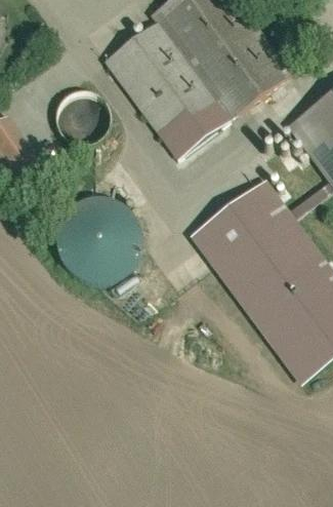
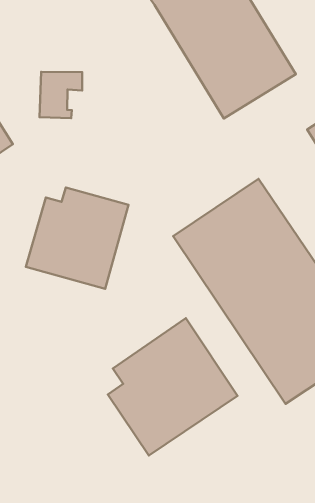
building: [107,26,224,159] -> none
building: none -> [108,318,238,456]

